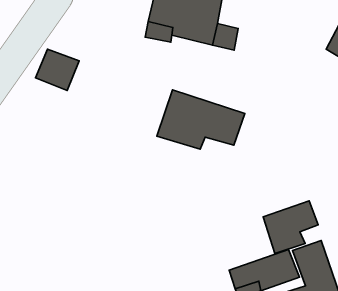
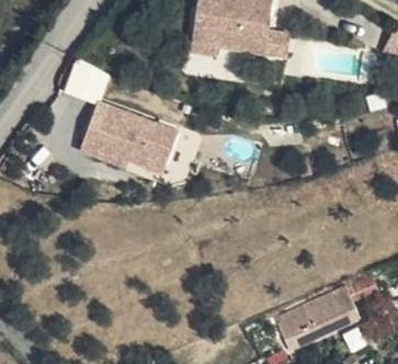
building: [157,90,245,149] -> [80,102,178,168]
building: [263,201,318,254] -> none

